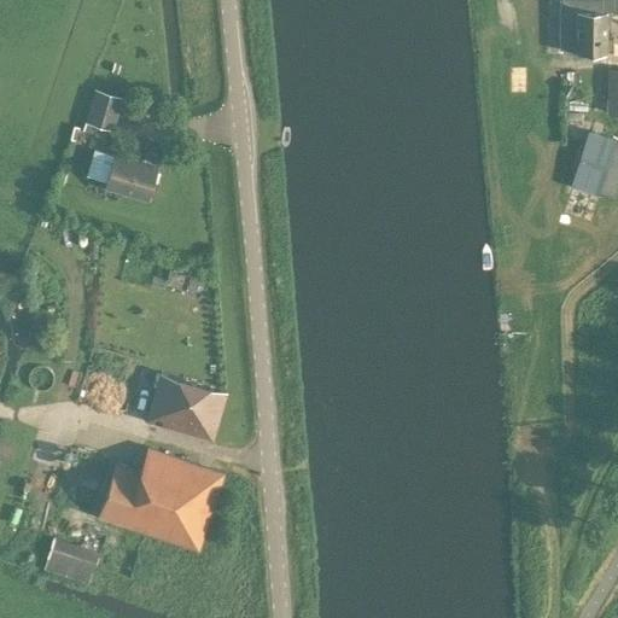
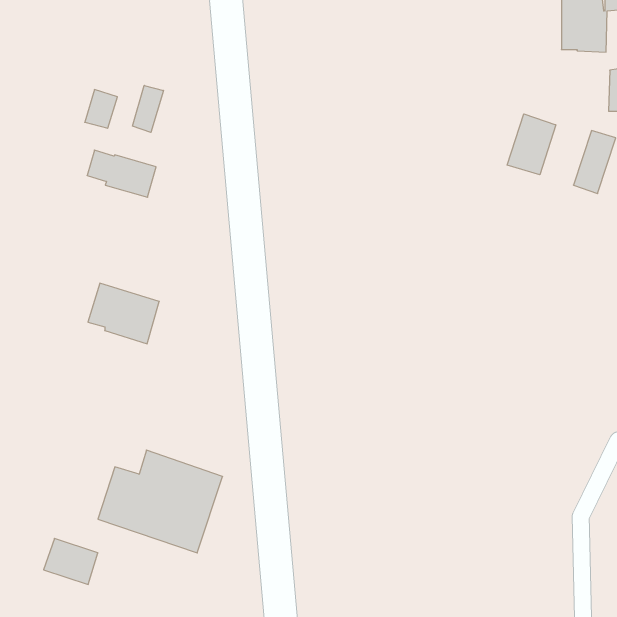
building: none -> [132,85,163,132]
building: none -> [507,114,556,175]
building: [151,378,222,438] -> [88,283,159,344]

